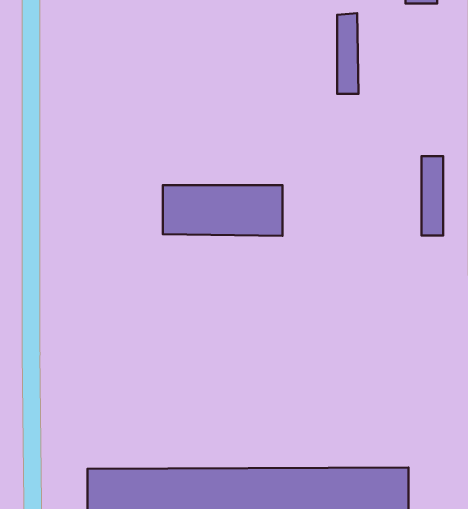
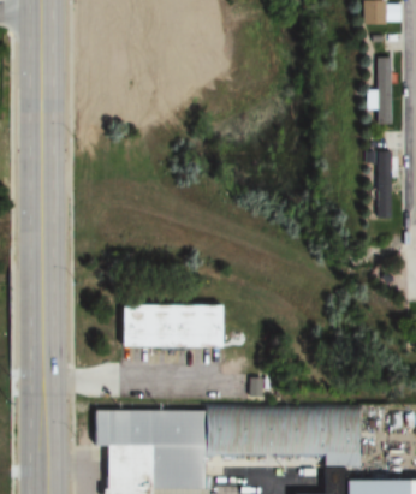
building: [337,13,359,94] -> [375,56,393,124]
building: [163,185,283,236] -> [120,305,220,347]

